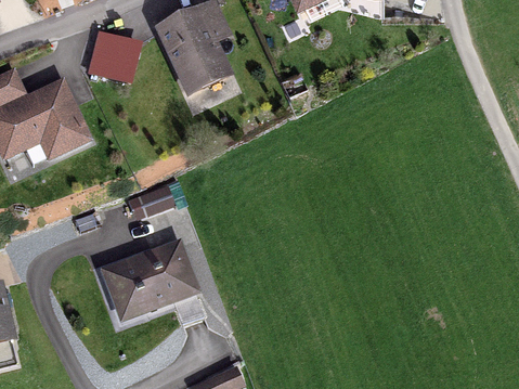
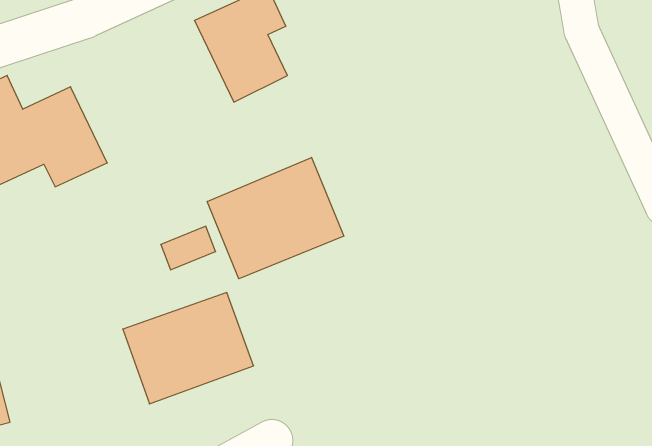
building: [91,36,135,79] -> none
building: none -> [207,157,344,279]

